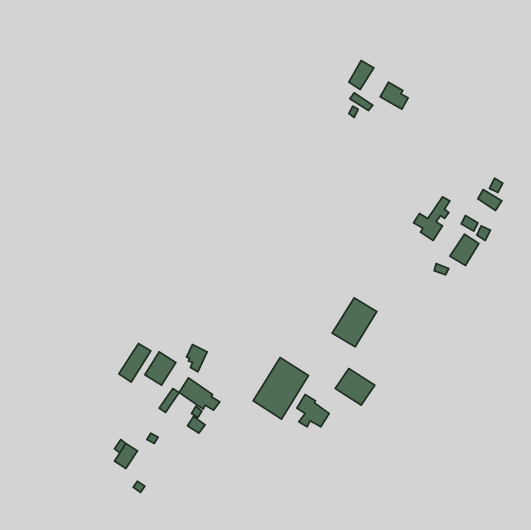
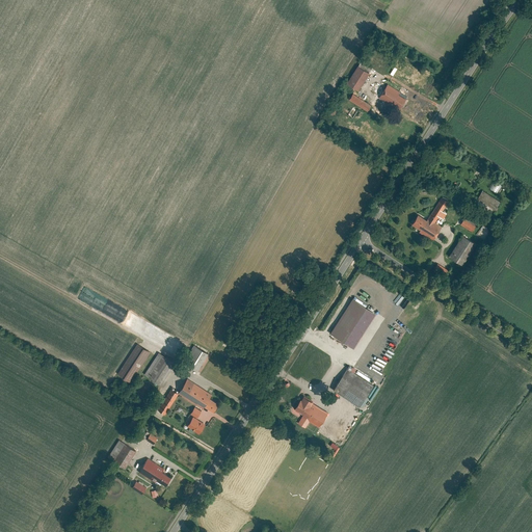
building: [253,357,308,419] -> none
building: none -> [139,459,171,485]

